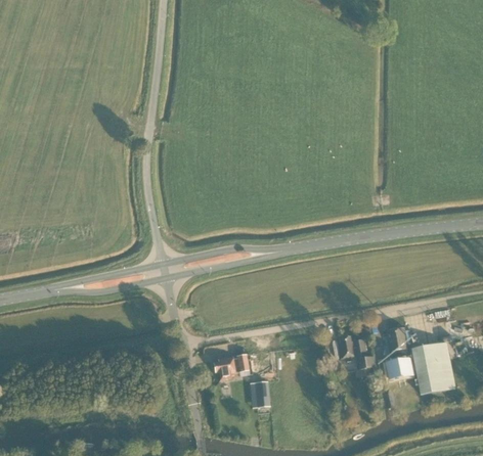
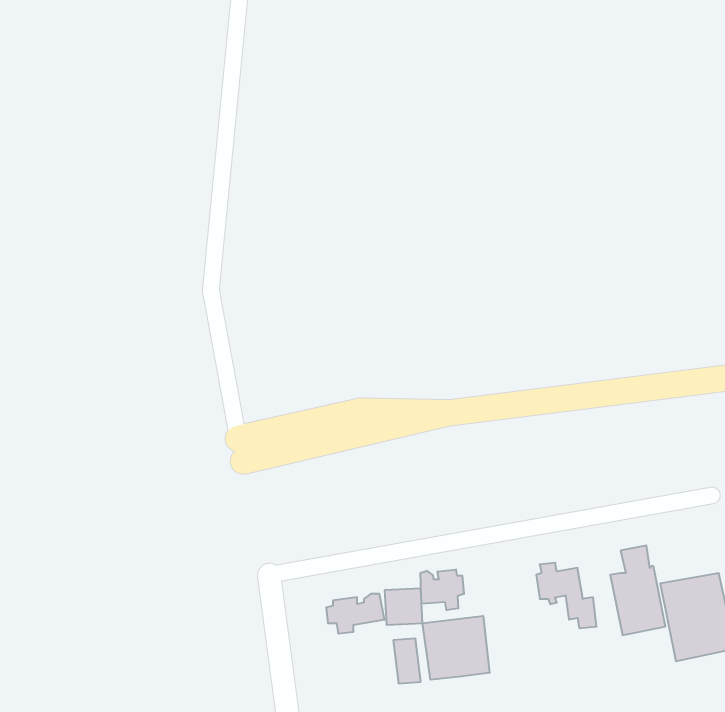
building: none -> [420,569,464,610]
building: none -> [423,616,490,680]

